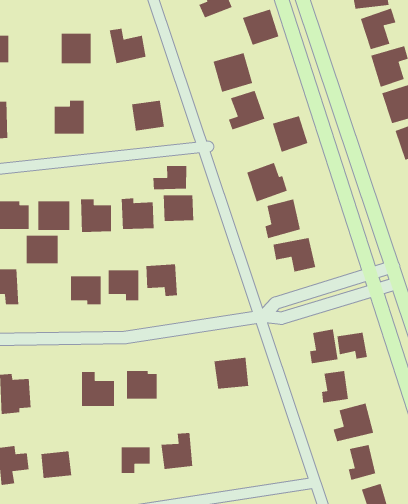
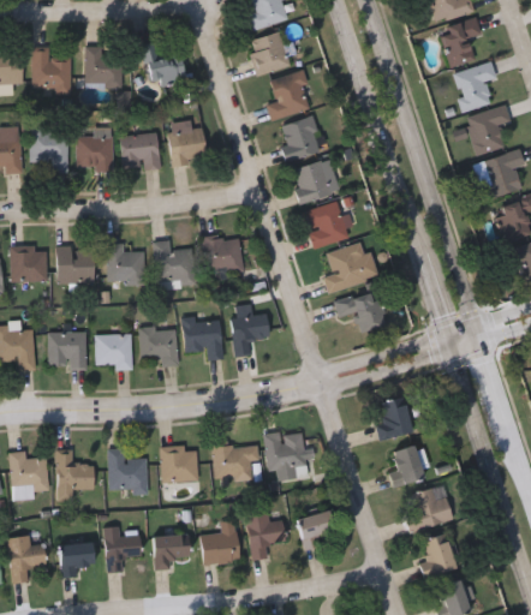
building: [242,8,280,46] -> [245,31,290,76]
building: none -> [31,49,71,88]
building: none -> [30,127,67,172]
building: none -> [120,133,159,169]
building: [272,115,309,153] -> [290,160,333,204]
building: [153,165,187,190] -> none
building: [26,235,58,264] -> [48,333,86,368]
building: none -> [229,314,269,356]
building: [337,332,368,360] -> none
building: none -> [214,444,259,477]
building: none -> [58,450,95,501]
building: none -> [298,510,335,549]
building: none -> [247,513,287,560]
building: none -> [105,526,141,573]

